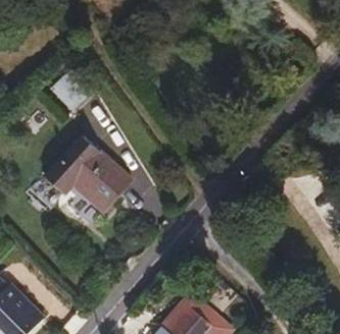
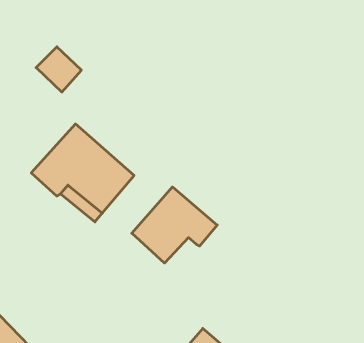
building: none -> [132,187,217,263]

